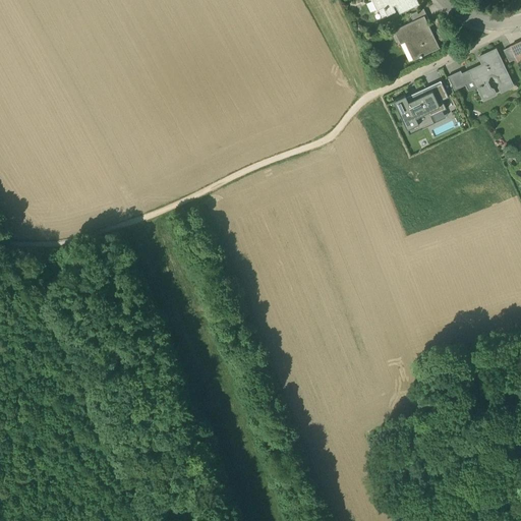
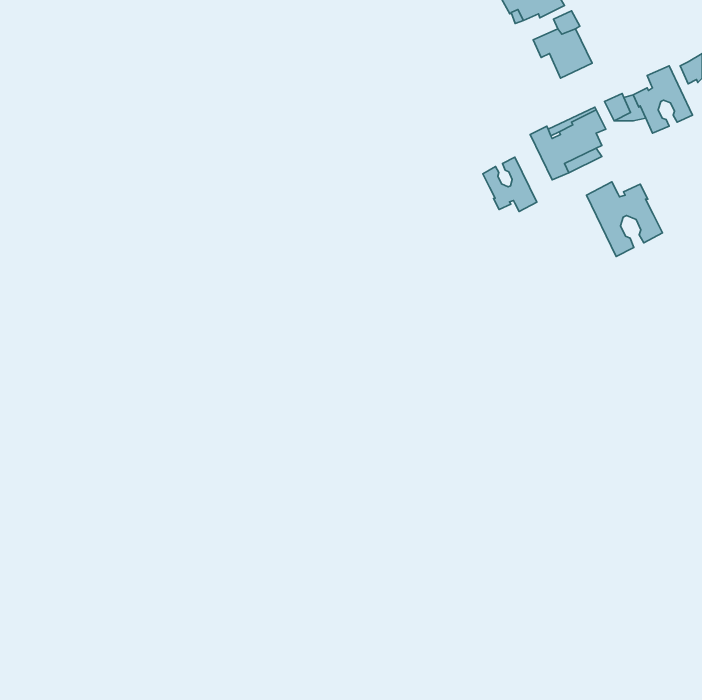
building: none -> [483,157,537,212]
building: none -> [586,182,662,256]

